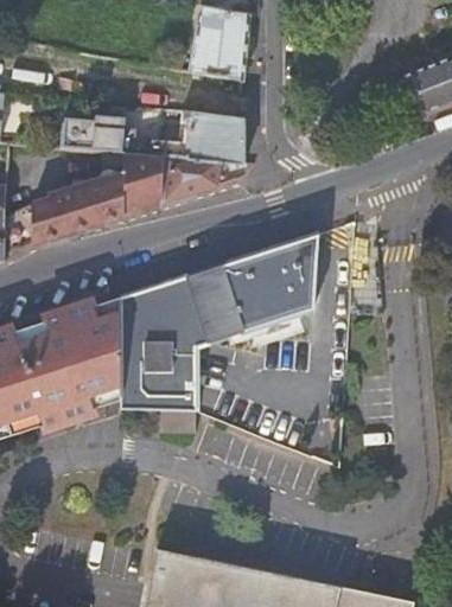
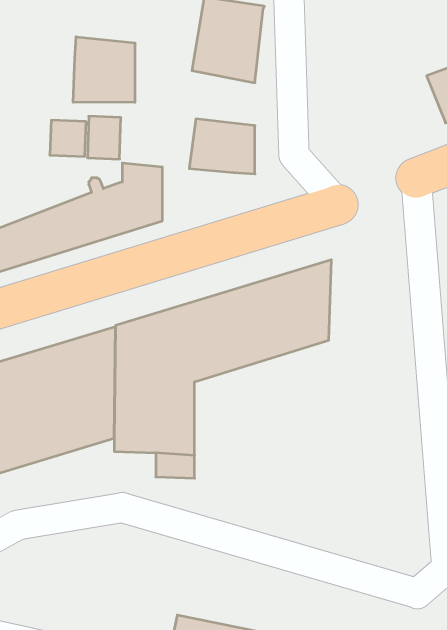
building: none -> [73,37,135,102]
building: [161,158,224,205] -> none

